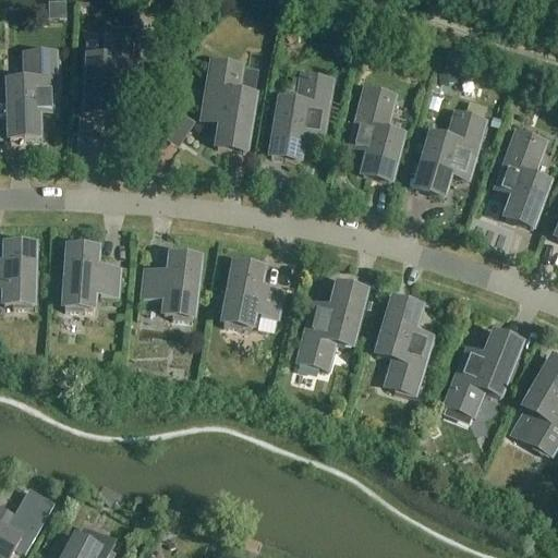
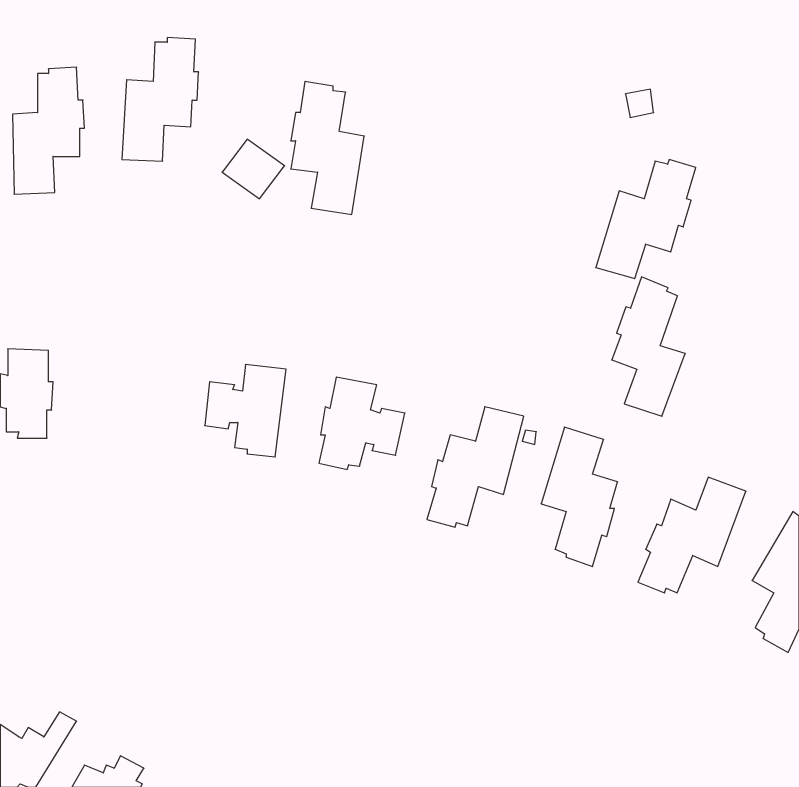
building: [271,73,331,158] -> none
building: [351,84,405,180] -> none
building: [497,128,548,225] -> [612,277,685,416]
building: [62,245,119,308] -> none

